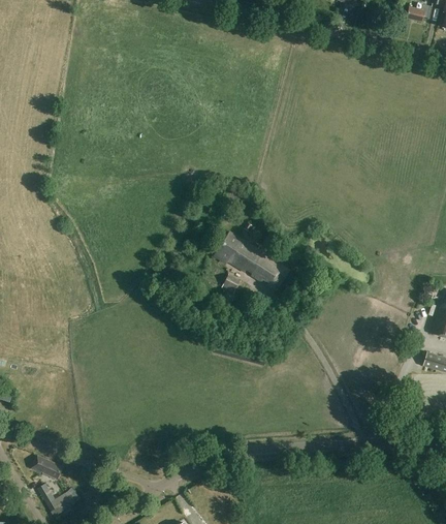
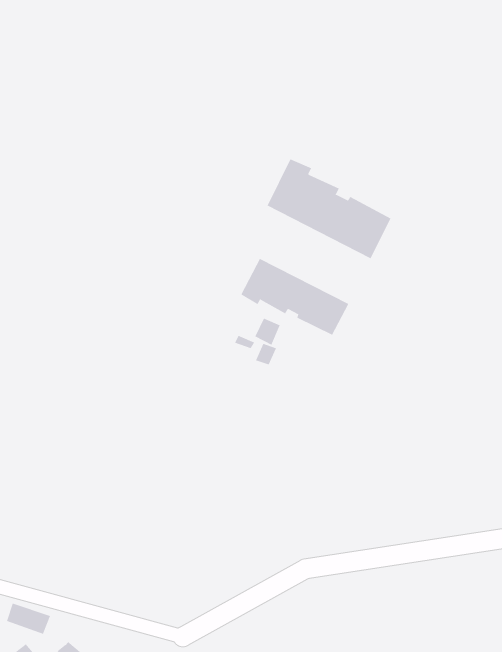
building: none -> [267,159,391,259]

